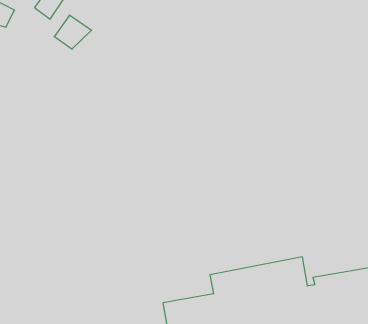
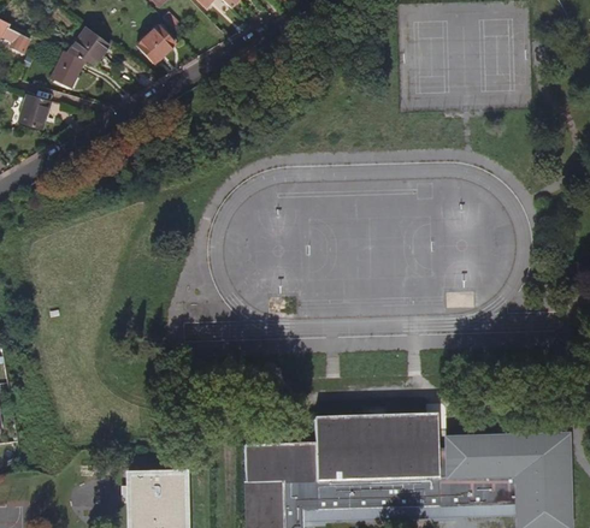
building: [54,15,92,49] -> none

